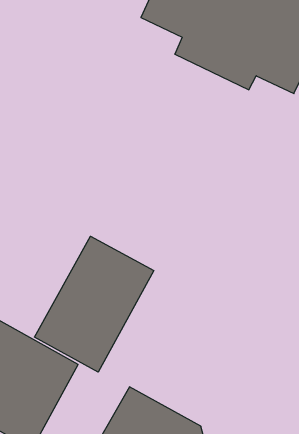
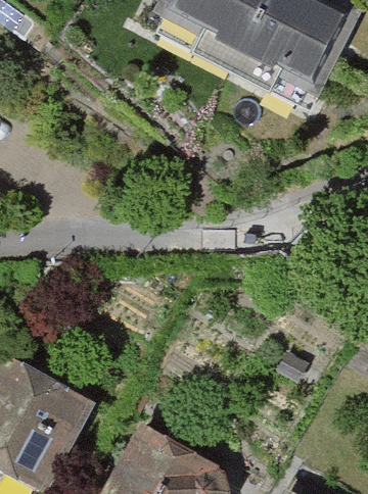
building: [34,236,154,372] -> none

